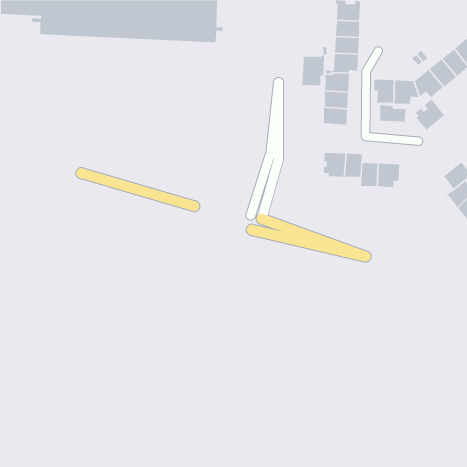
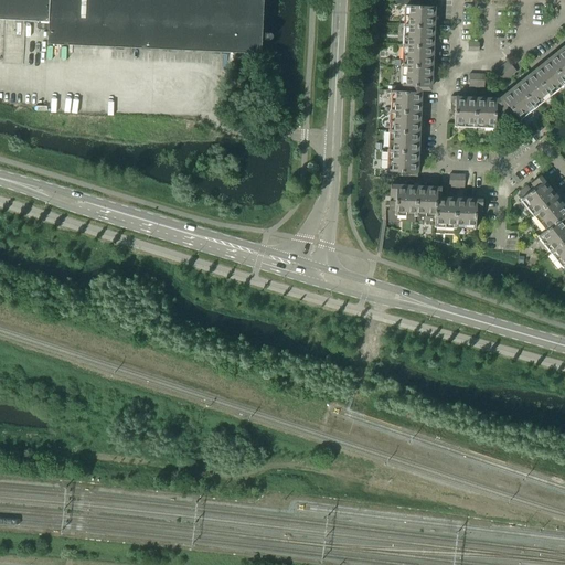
building: [302,46,328,86] -> none
building: [415,99,445,132] -> [521,174,557,214]
building: [379,105,408,122] -> none
building: none -> [387,149,419,175]

